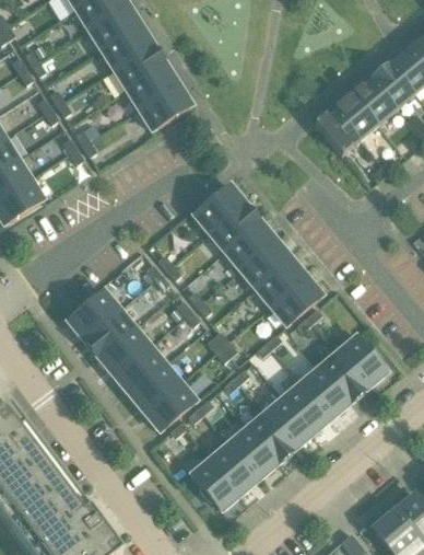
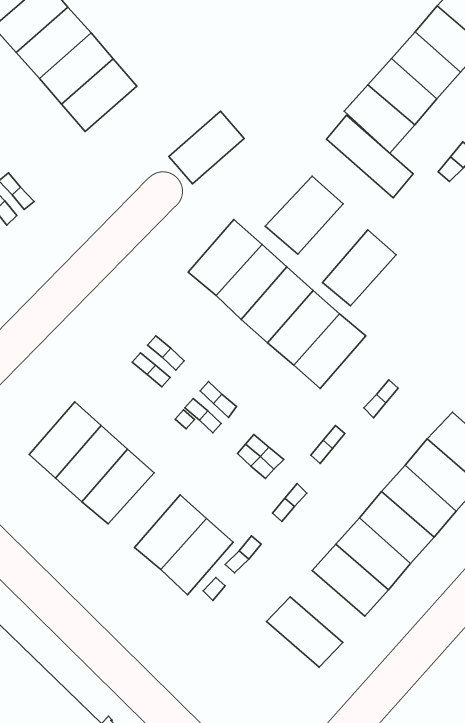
building: [139,83,191,129] -> [169,111,244,184]
building: none -> [327,115,413,198]
building: none -> [265,176,343,254]
building: [270,275,322,324] -> [322,230,396,306]
building: [114,345,165,393] -> none
building: [228,427,276,478] -> none
building: [191,456,240,509] -> none

